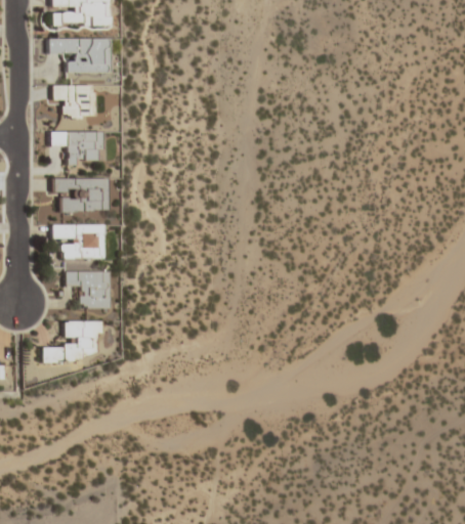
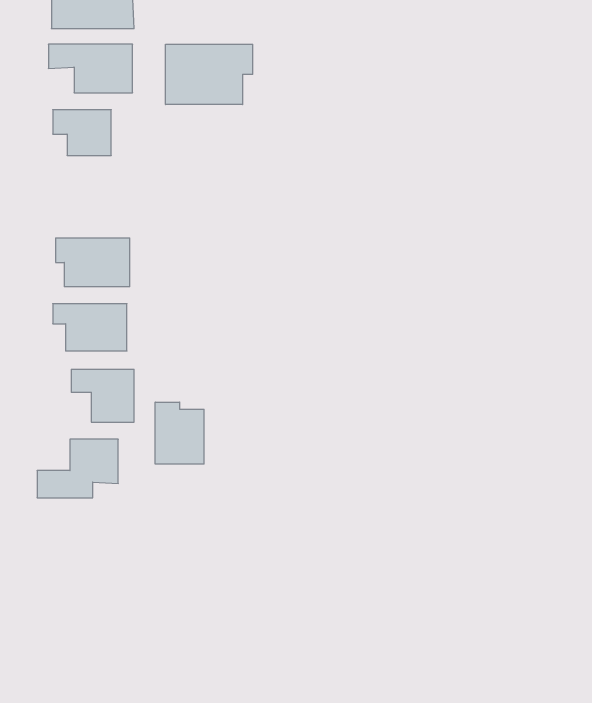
building: none -> [166,44,253,105]
building: [49,130,101,162] -> none
building: none -> [155,402,204,464]

